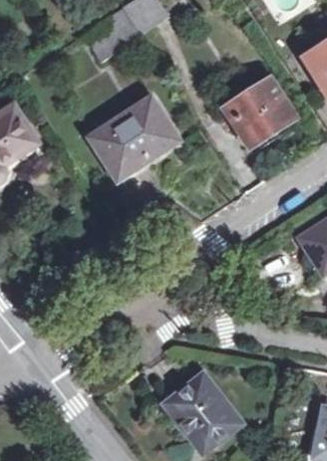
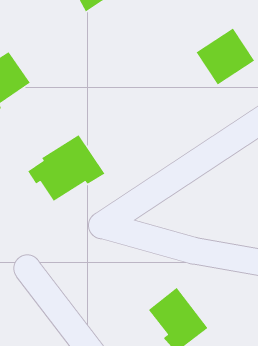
building: [90,96,180,174] -> [27,134,105,202]

